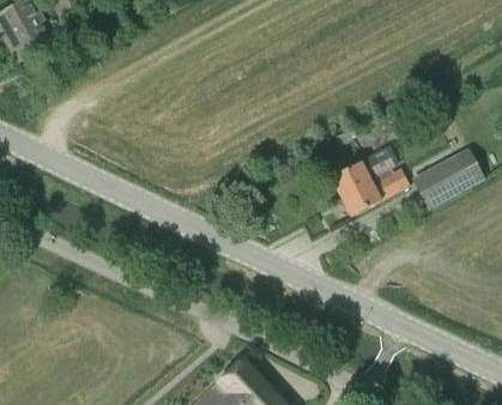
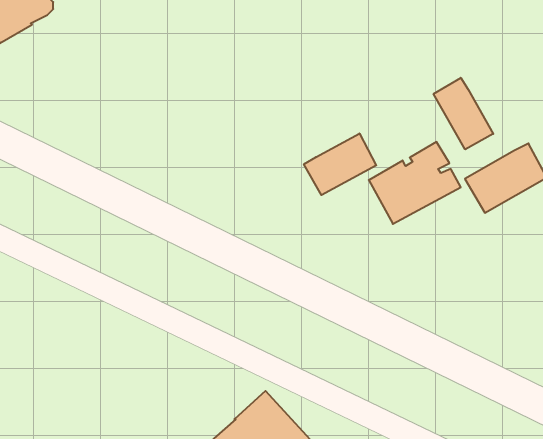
building: none -> [434,78,493,149]
building: none -> [304,133,376,195]

